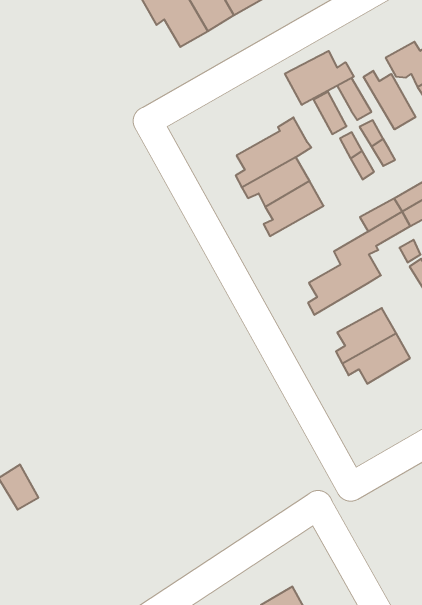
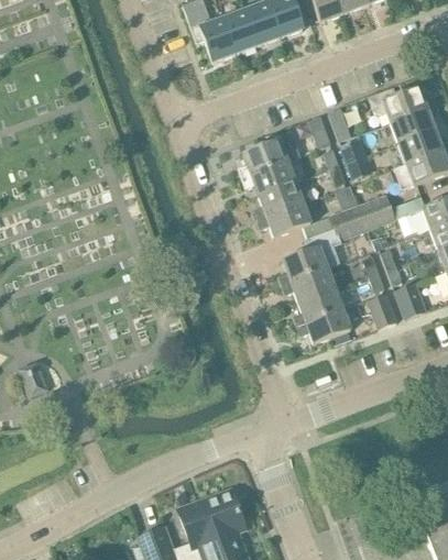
building: [285,51,354,105] -> none
building: [364,71,415,129] -> none
building: none -> [258,201,310,237]
building: none -> [282,266,335,300]

